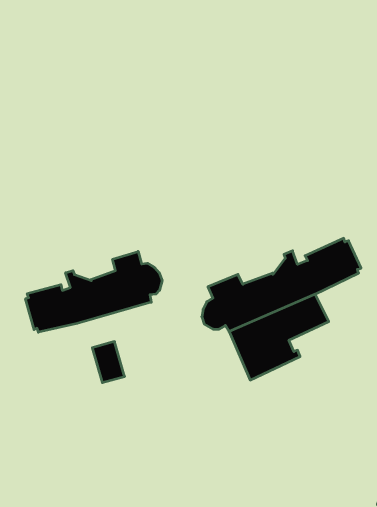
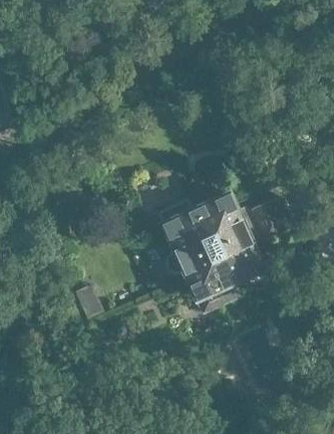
building: none -> [155,192,237,239]
building: [26,251,162,332] -> none

